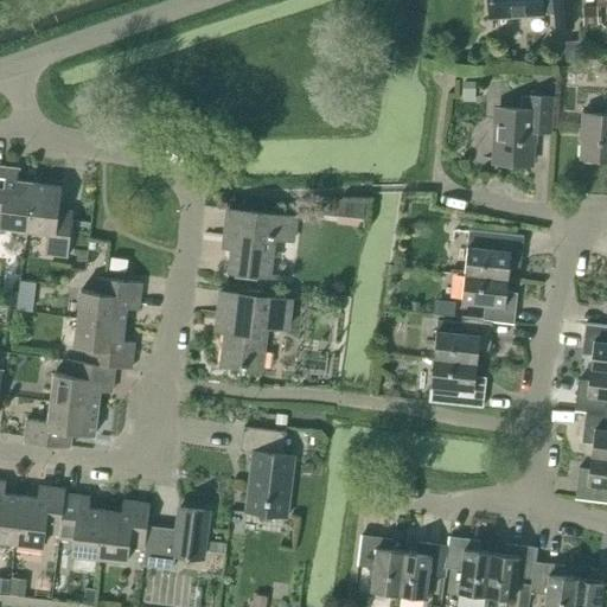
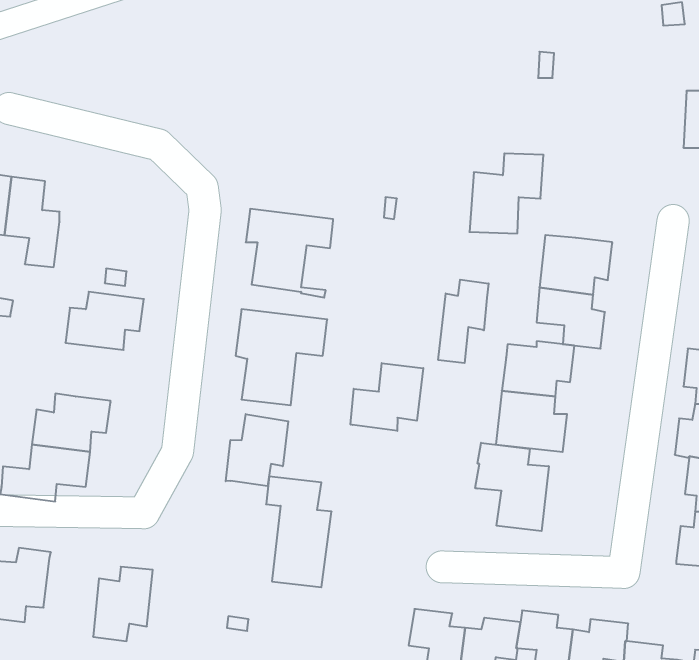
building: [493,96,554,161] -> [469,153,544,233]
building: none -> [438,280,489,363]
building: [75,319,135,369] -> none
building: none -> [351,363,423,431]
building: none -> [226,414,288,486]
building: none -> [475,443,549,531]
building: [59,494,106,558] -> none
building: [156,507,209,569] -> none

